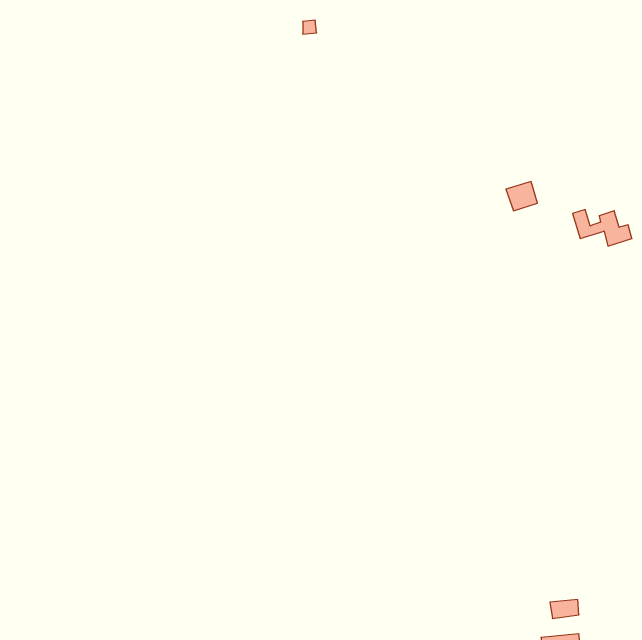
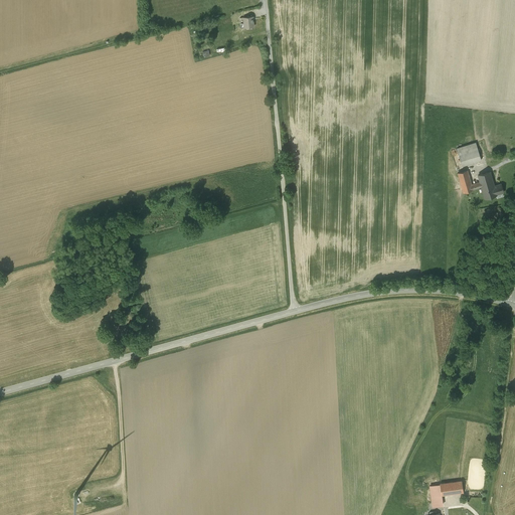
building: [506,182,537,211] -> [456,144,481,167]

